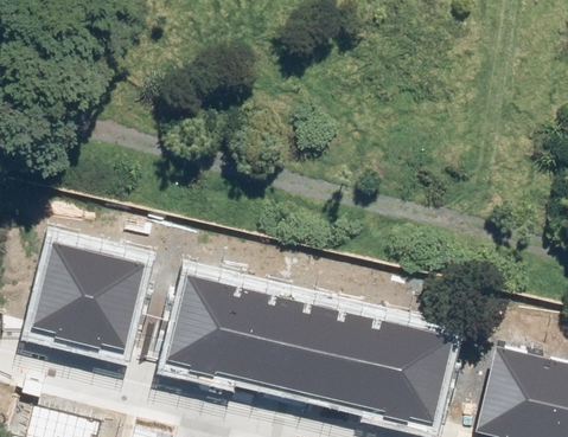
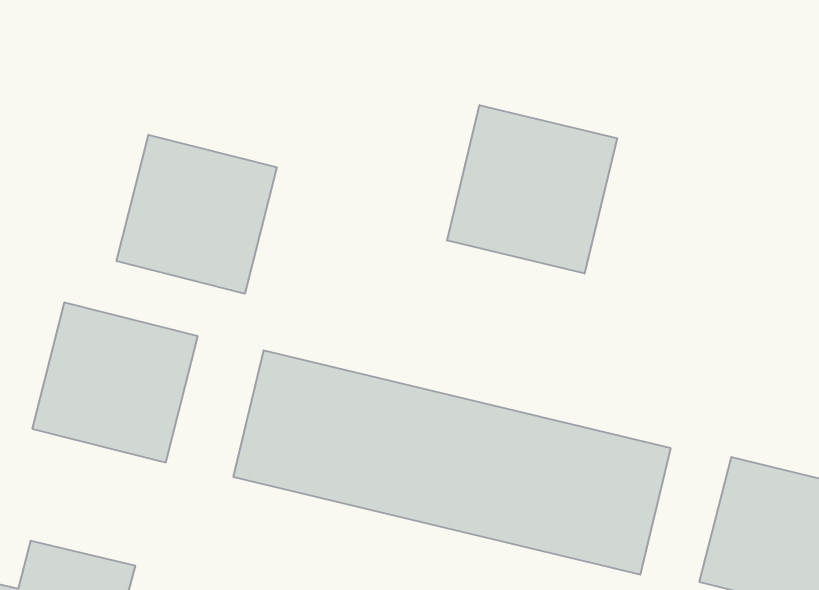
building: none -> [447,105,617,274]
building: none -> [117,135,277,294]

